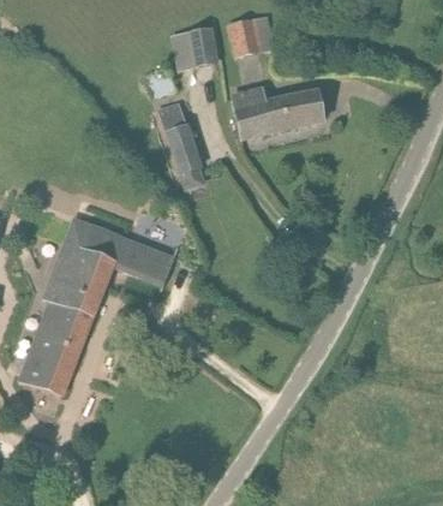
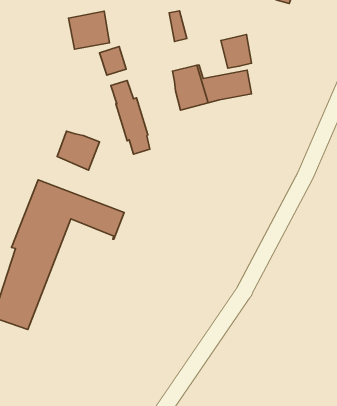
building: [239,14,275,54] -> [221,34,252,68]
building: [170,25,218,70] -> [68,11,109,49]
building: none -> [57,131,100,170]

